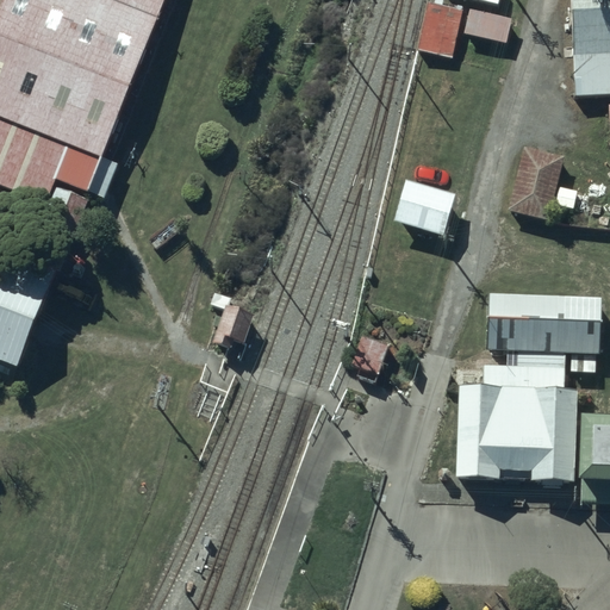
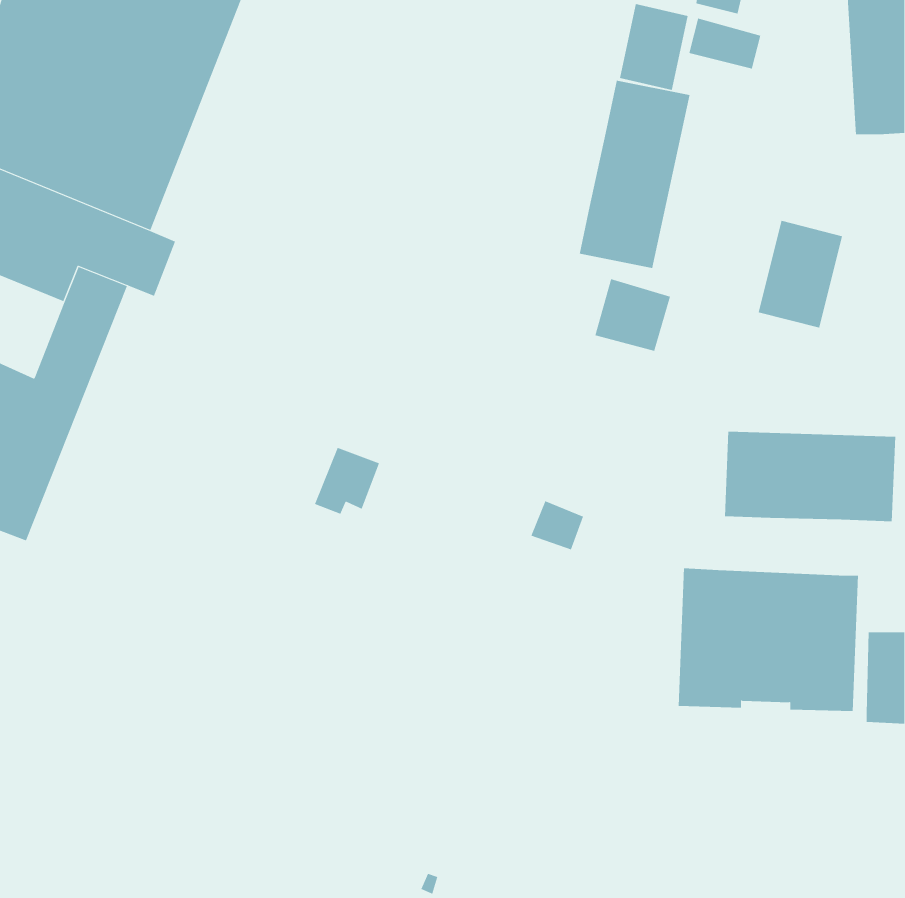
building: none -> [579,80,690,269]
building: [483,348,565,386] -> none

